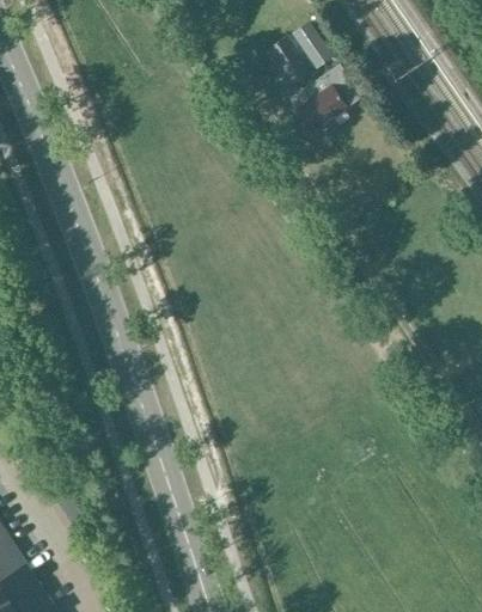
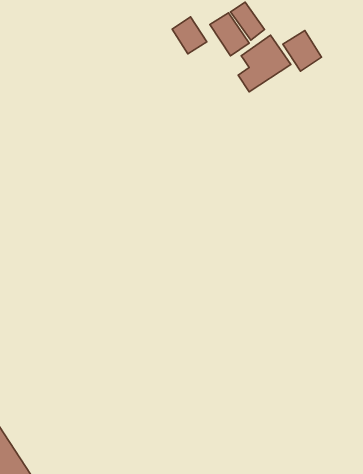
building: none -> [172,17,207,54]
building: none -> [283,30,321,71]

